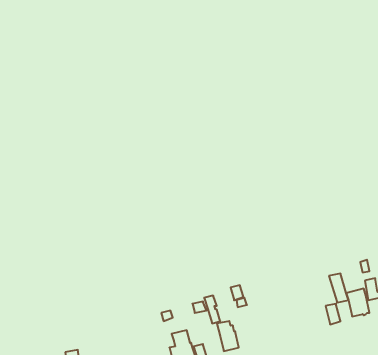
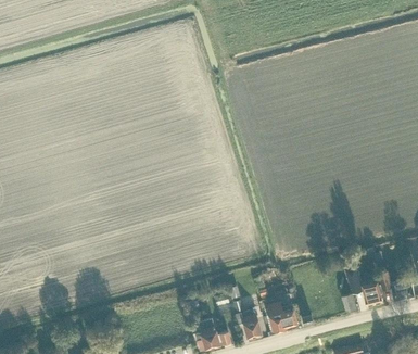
building: none -> [265,300,297,331]

